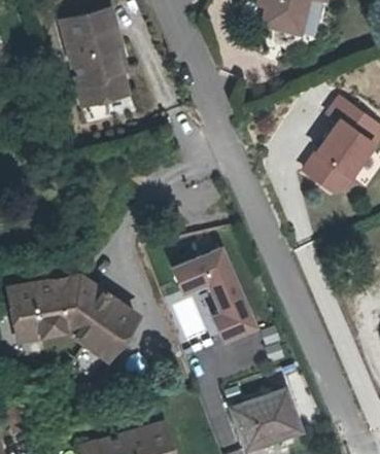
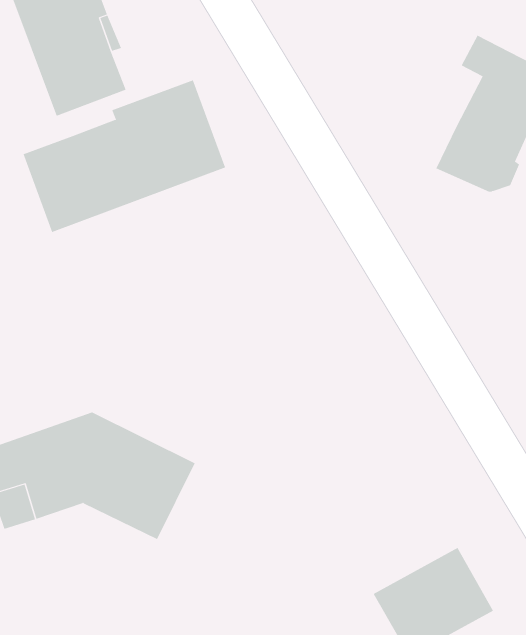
building: none -> [23,80,226,233]
building: [170,243,257,343] -> none

